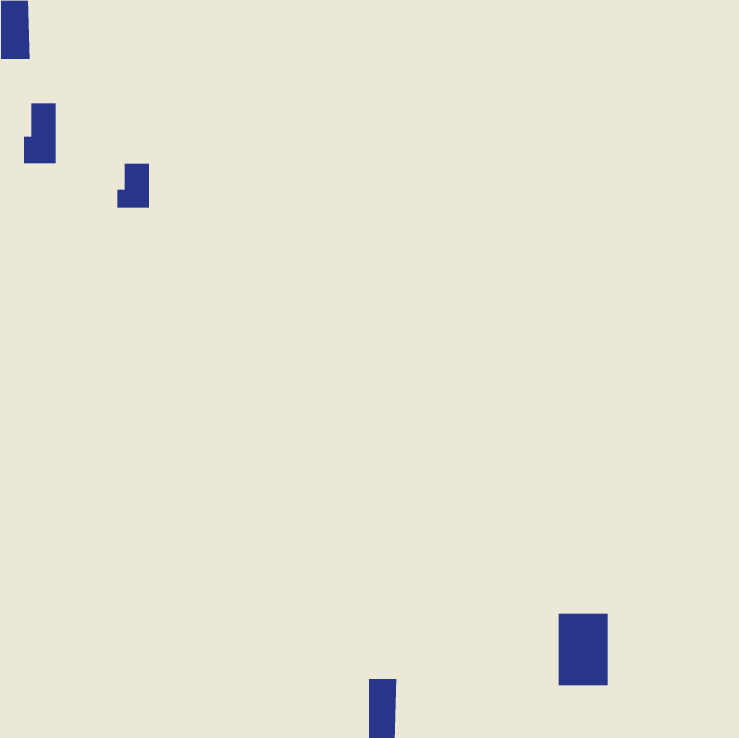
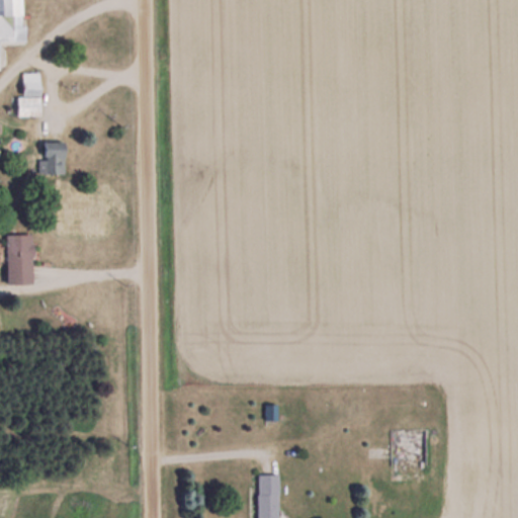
building: [117,163,150,208] -> [40,143,64,174]
building: none -> [7,235,32,284]

